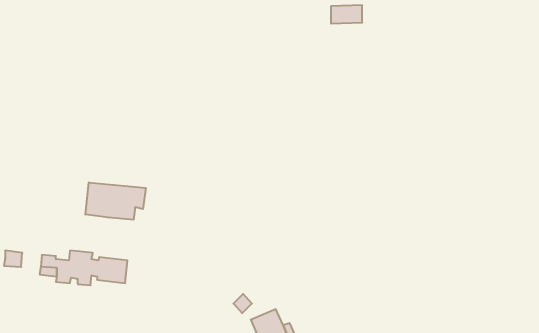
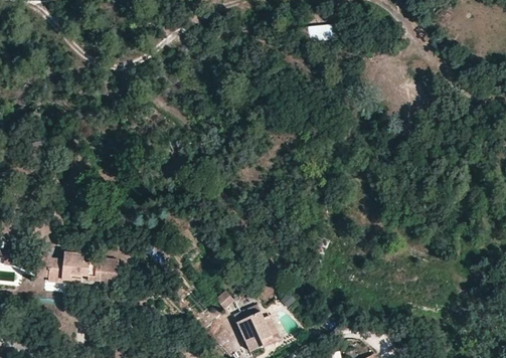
building: [85,182,146,220] -> none

